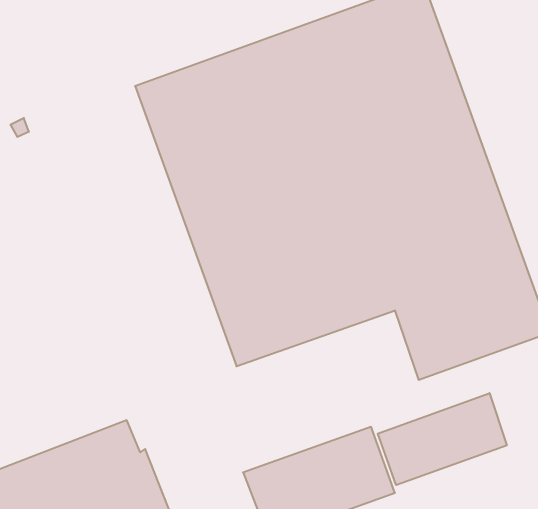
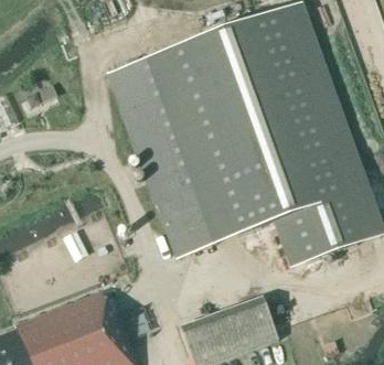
building: [378,393,507,485] -> none

